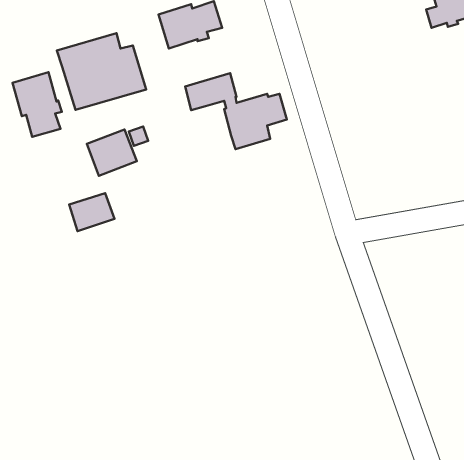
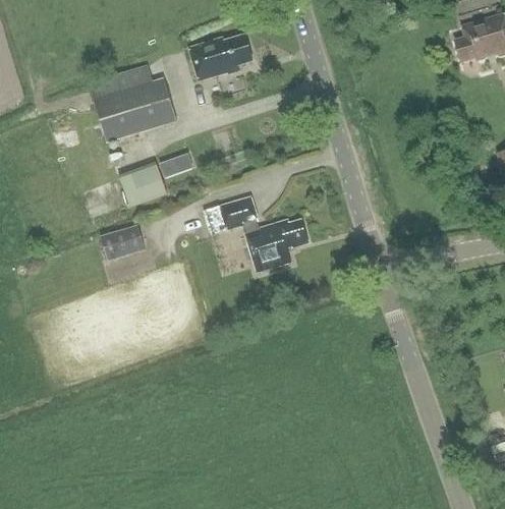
building: [13,72,62,137] -> none
building: [185,73,287,149] -> [207,196,307,272]

